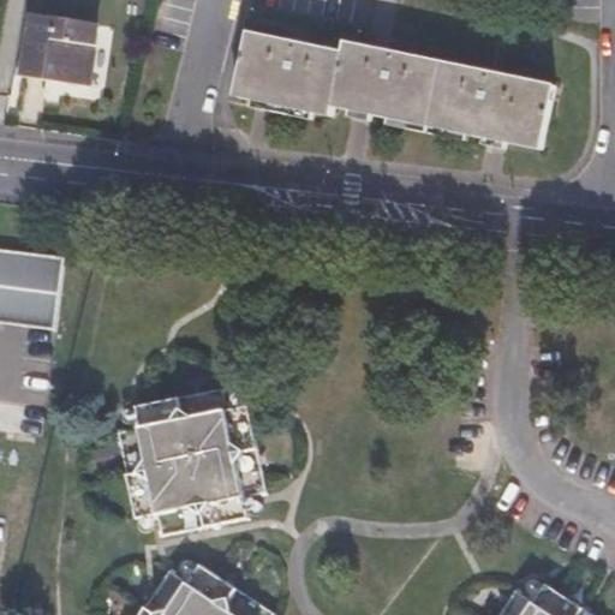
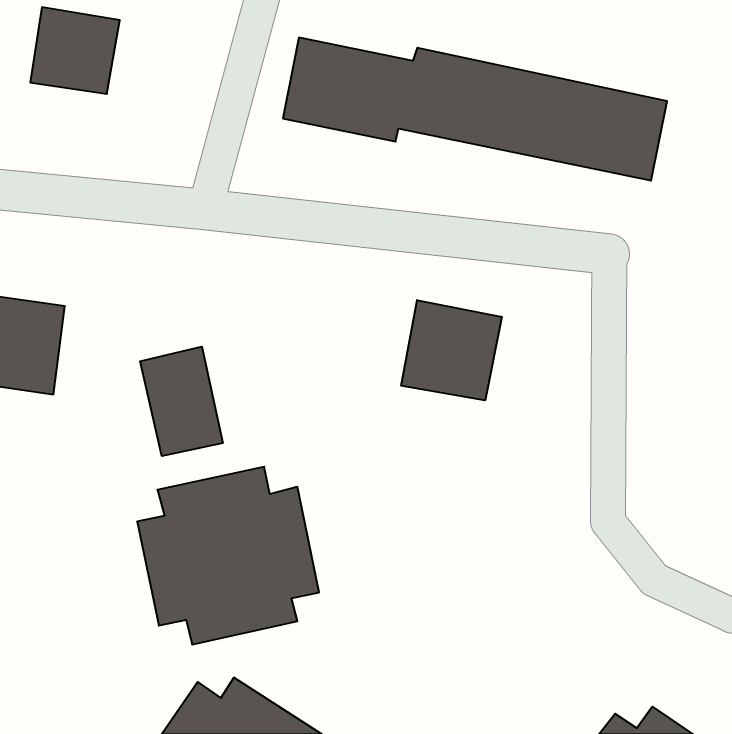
building: none -> [401,300,502,400]
building: none -> [140,347,223,456]

